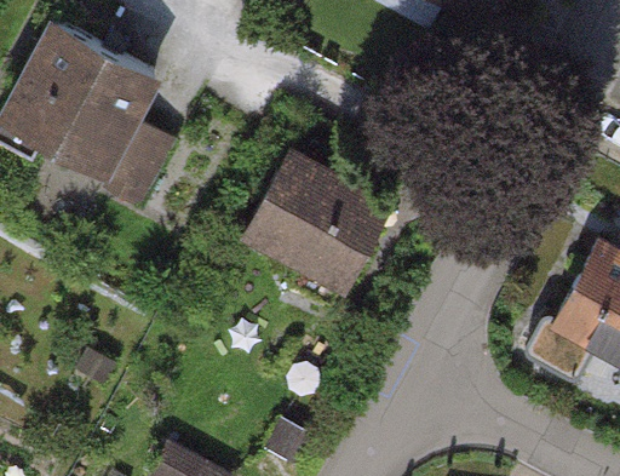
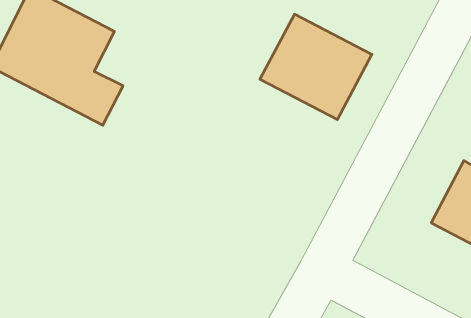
building: [246,153,388,286] -> [260,14,372,120]

